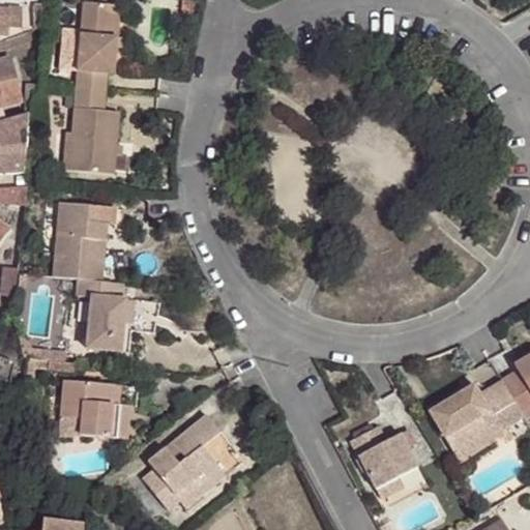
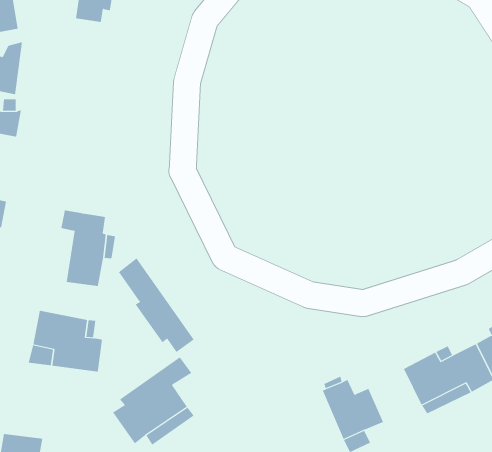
building: [63,84,115,173] -> none
building: [52,203,114,278] -> none
building: none -> [118,258,194,353]

